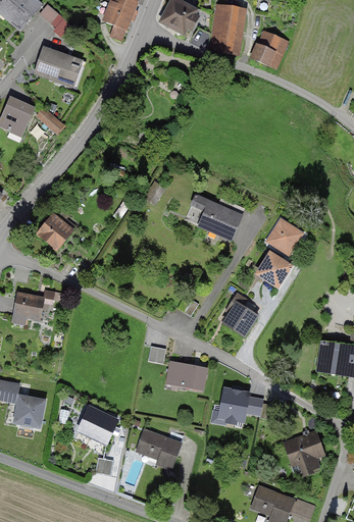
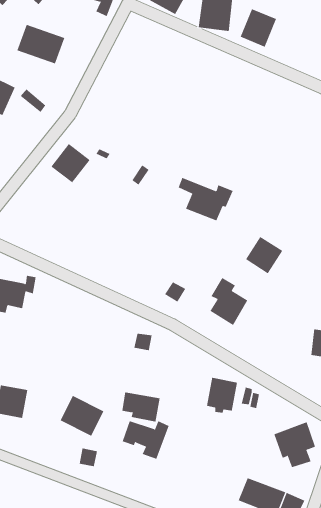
building: [36,213,74,252] -> [50,143,90,183]
building: [264,216,307,258] -> none
building: [168,360,206,389] -> [121,392,160,422]

